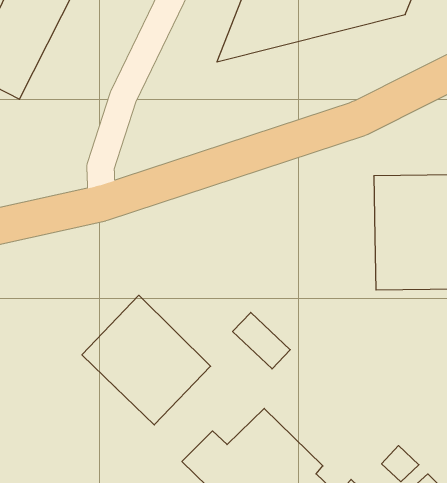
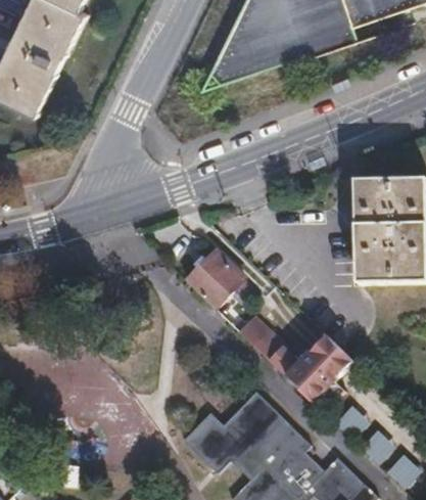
building: none -> [184,251,243,308]
building: [82,295,211,425] -> none
building: none -> [269,334,352,403]

